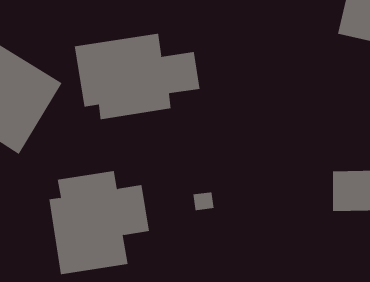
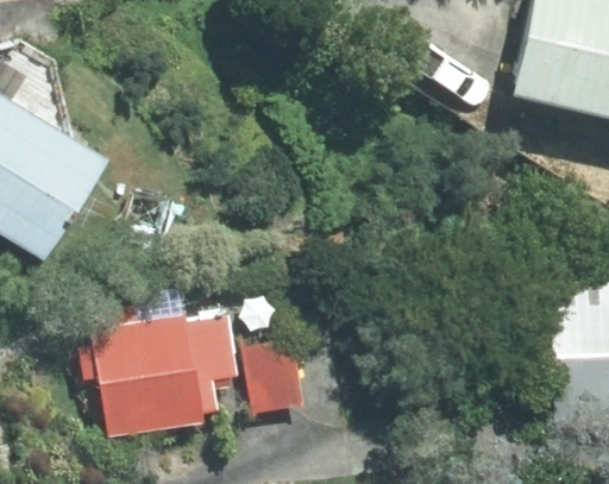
building: [74,33,200,120] -> none

